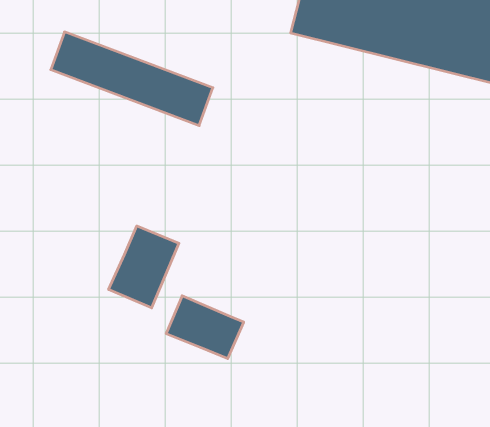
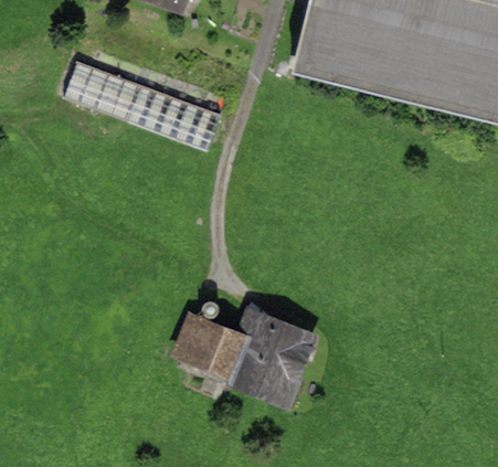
building: [109,226,179,308] -> none
building: none -> [232,315,304,395]

